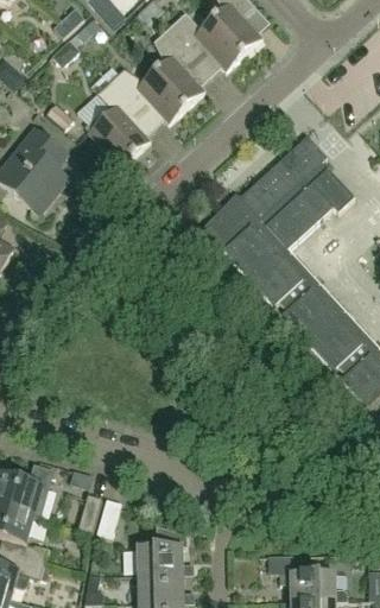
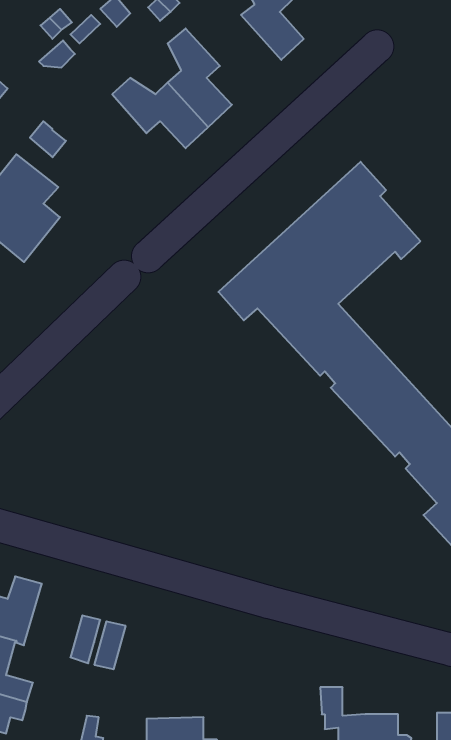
building: [169,12,245,70] -> none
building: [87,81,151,167] -> none
building: [137,525,194,576] -> none

